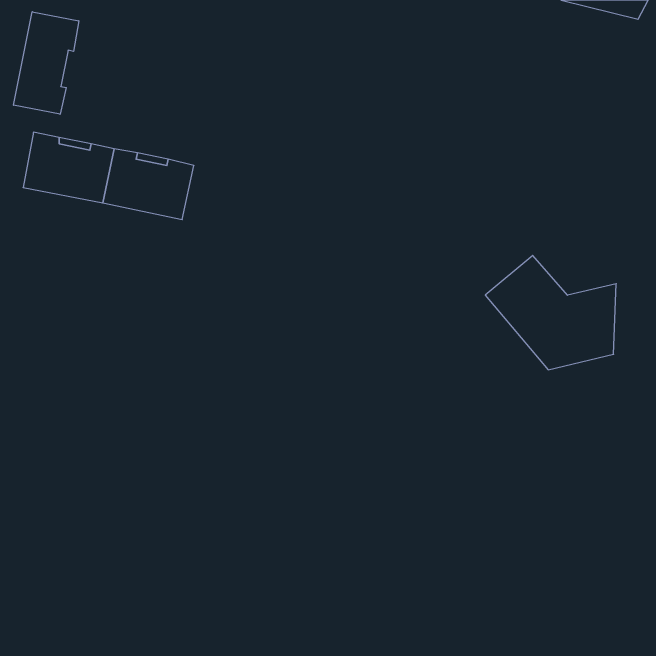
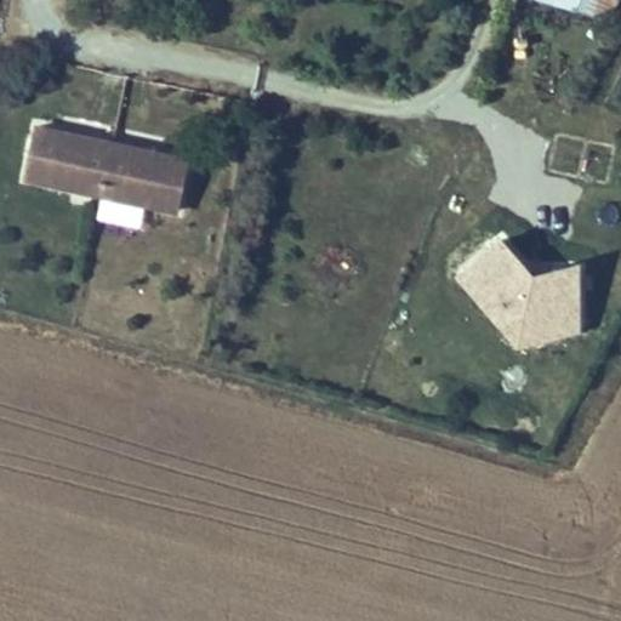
building: [14,12,79,114] -> none

